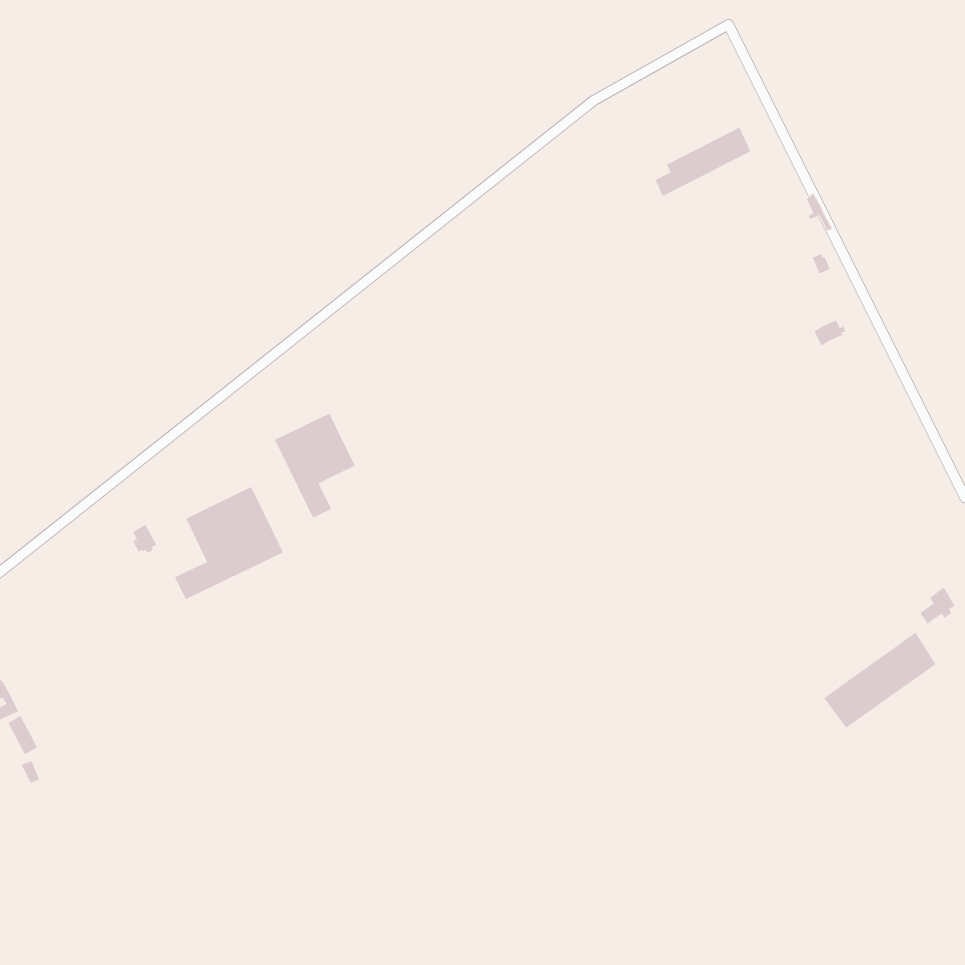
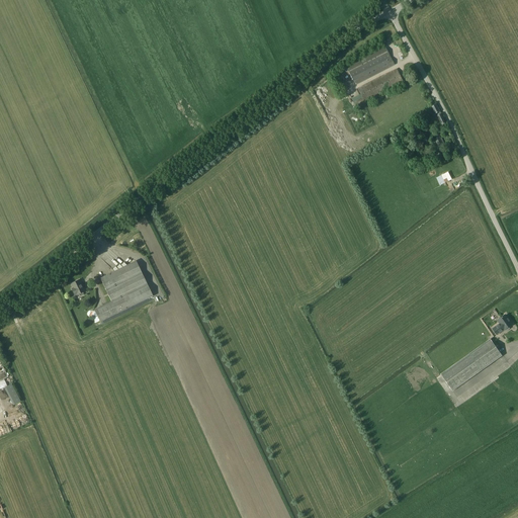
building: none -> [345,45,394,84]
building: [274,413,355,518] -> none

